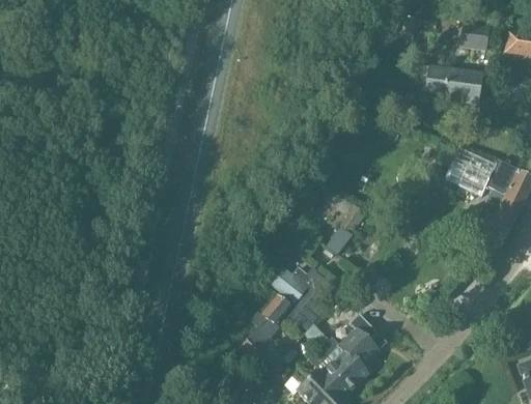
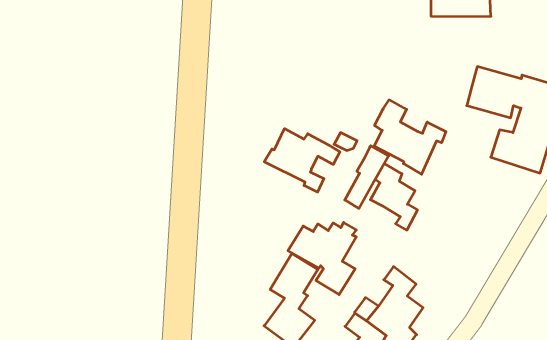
building: none -> [374,100,446,174]
building: none -> [264,129,340,192]
building: none -> [370,164,417,230]

